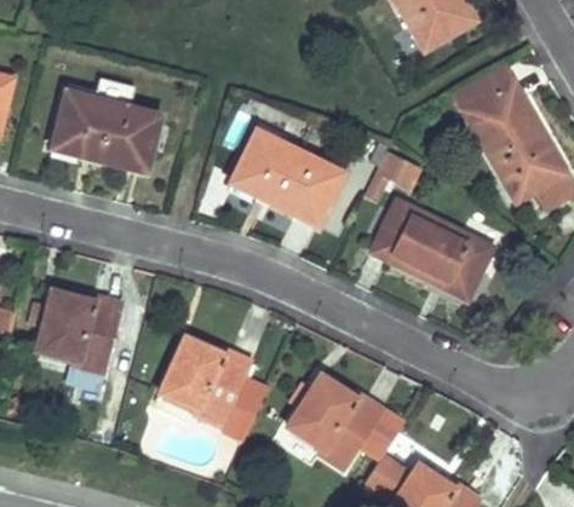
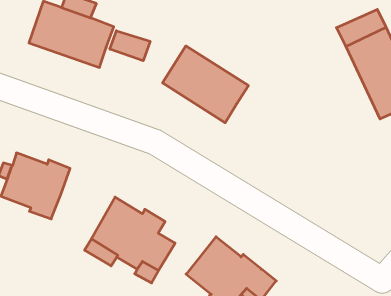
building: none -> [110,31,150,61]
building: [366,150,420,198] -> none
building: [371,200,492,298] -> none

